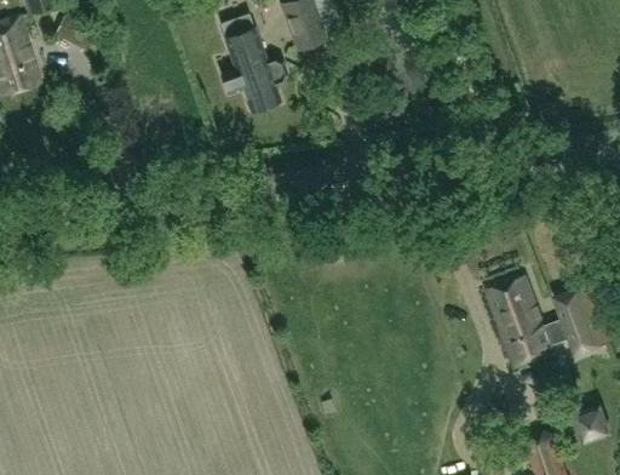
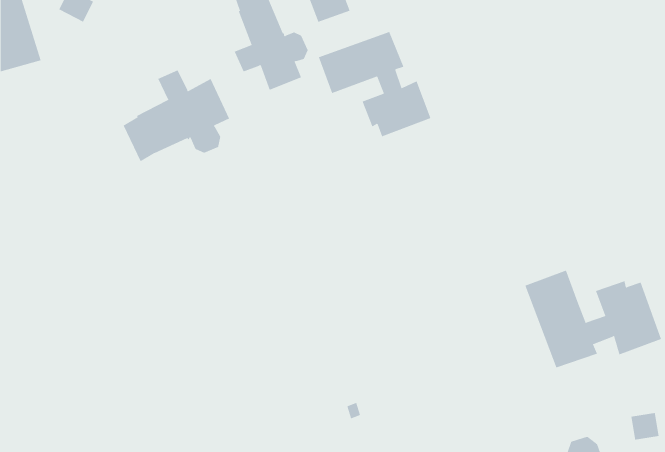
building: none -> [318,31,431,137]
building: none -> [123,70,230,162]

